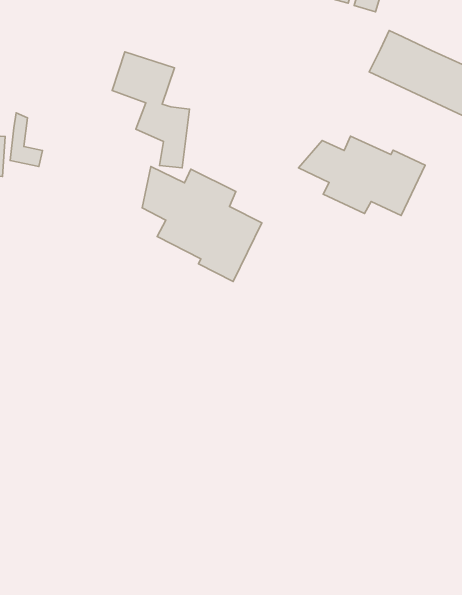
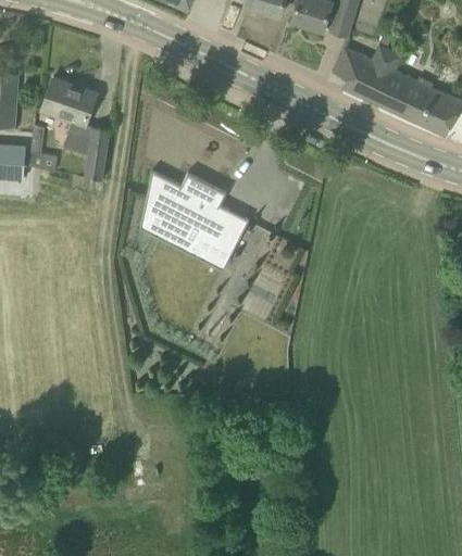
building: [112,52,190,168] -> [41,78,109,179]
building: [299,136,425,215] -> none

